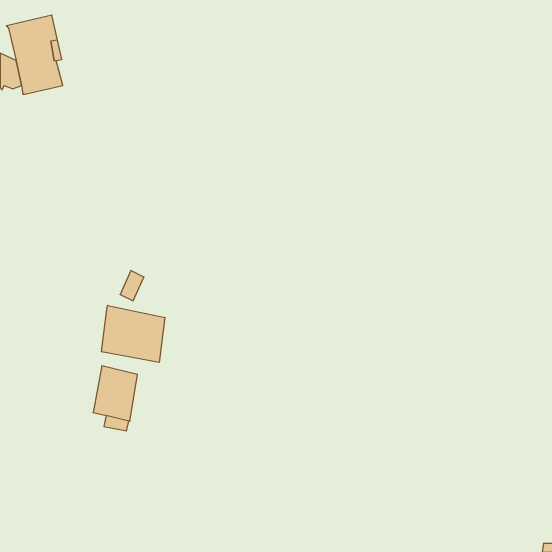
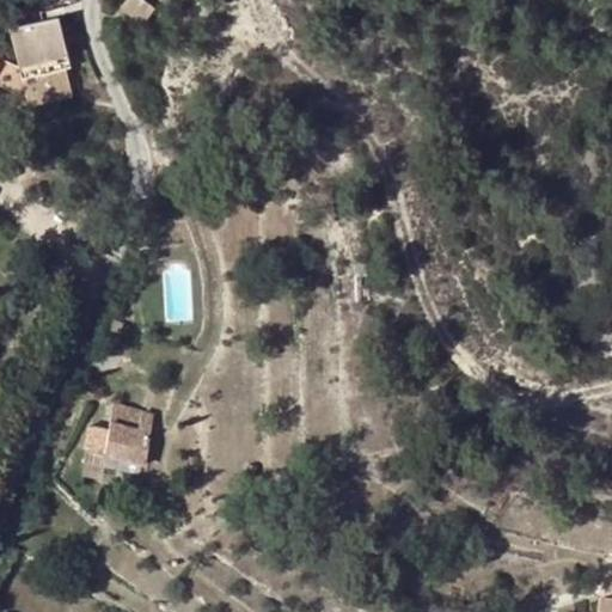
building: [101,305,165,362] -> none

